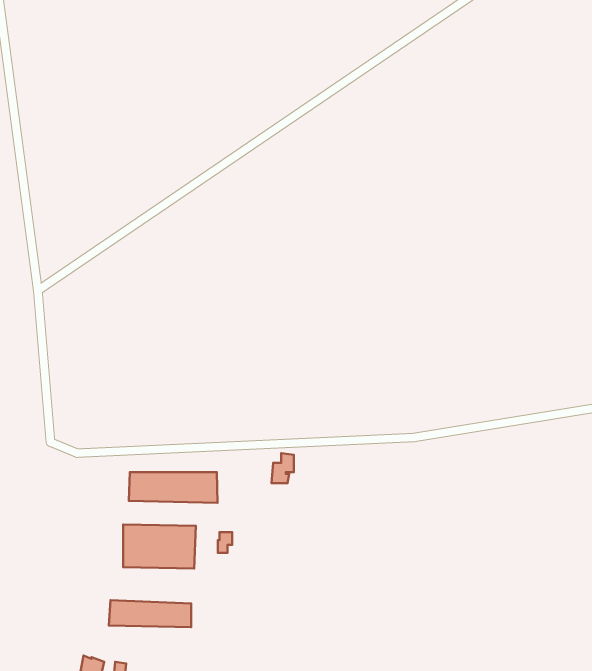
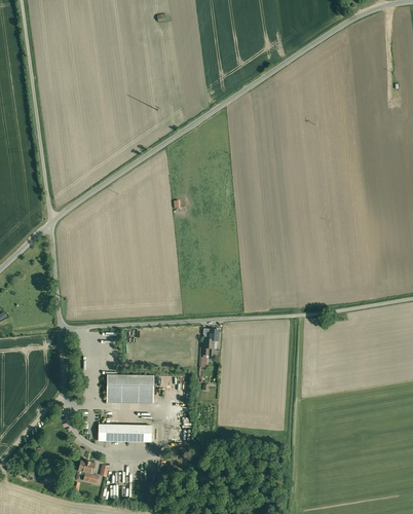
building: [129,472,217,503] -> none

